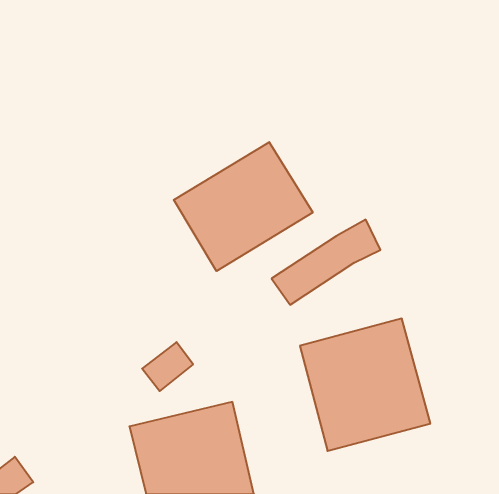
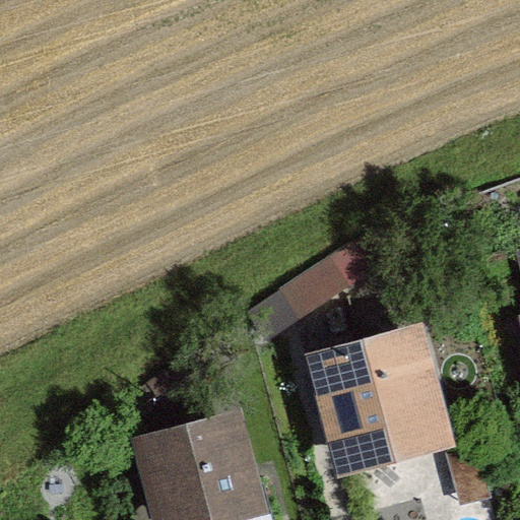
building: [174,142,313,271] -> none

